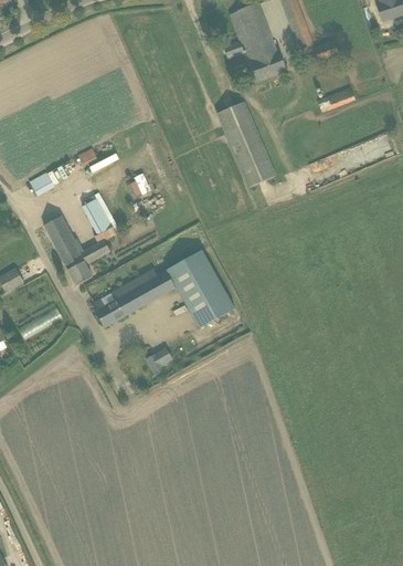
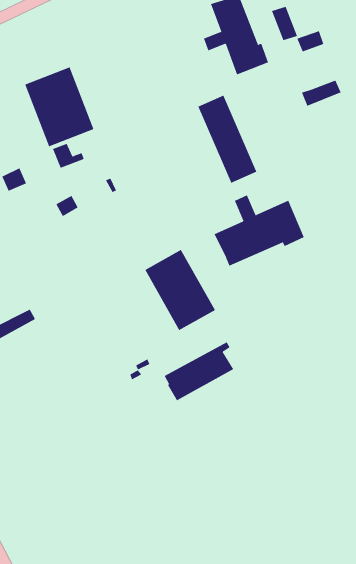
building: none -> [24,67,94,147]
building: none -> [214,194,305,267]
building: [44,216,110,285] -> none
building: [93,269,160,326] -> [164,341,234,401]

